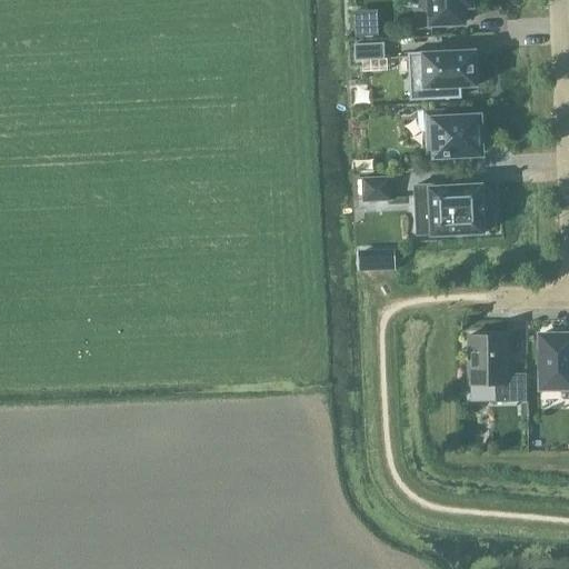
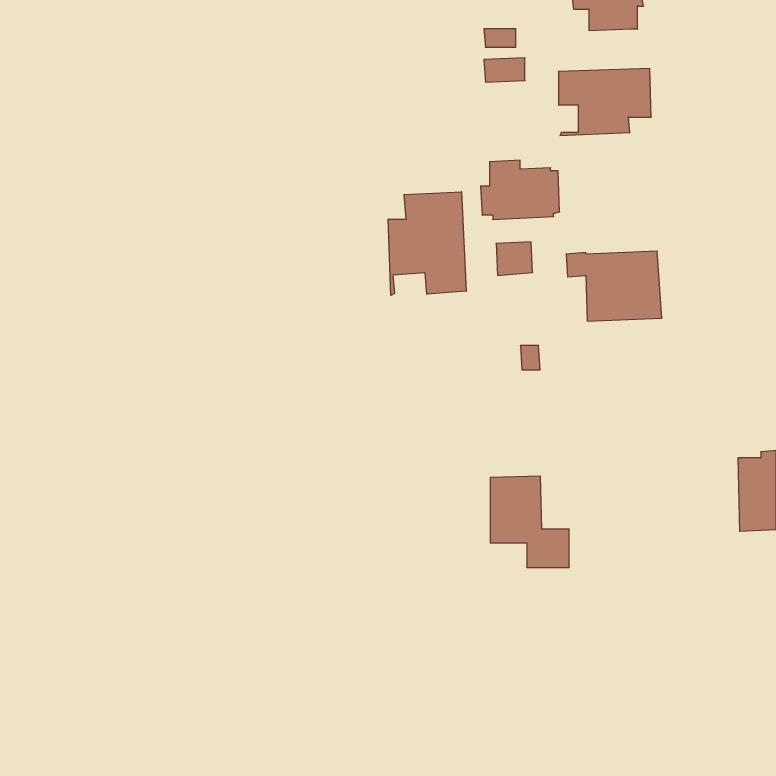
building: [426,111,483,154] -> [481,160,560,220]
building: none -> [388,192,466,295]
building: [468,335,526,401] -> [490,476,569,567]

